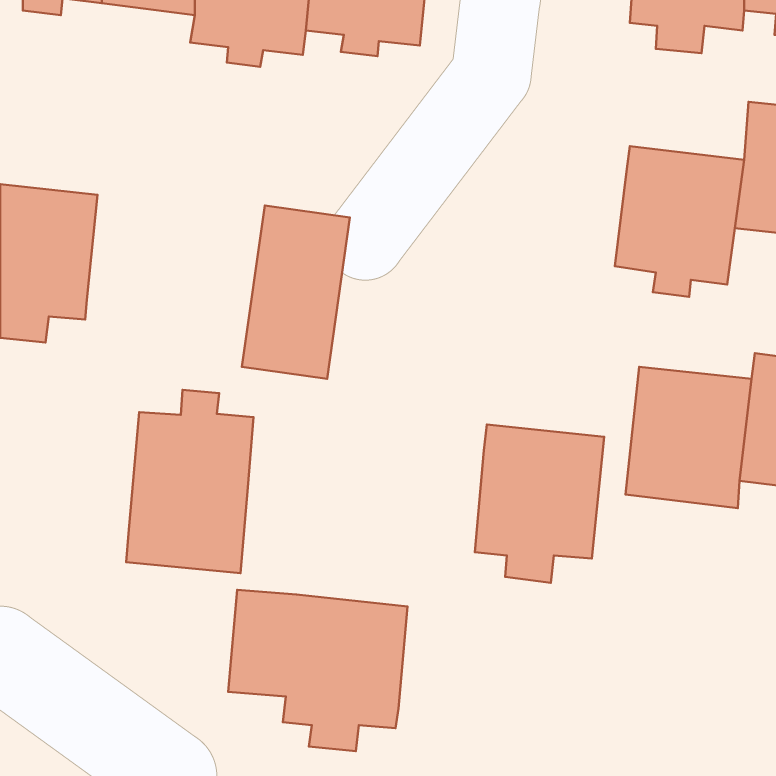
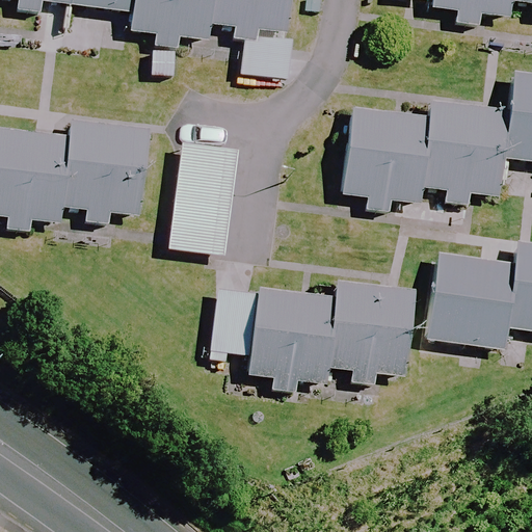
building: none -> [343,106,429,210]
building: none -> [60,118,150,225]
building: [126,390,253,573] -> none
building: [228,590,408,751] -> [209,296,331,406]

